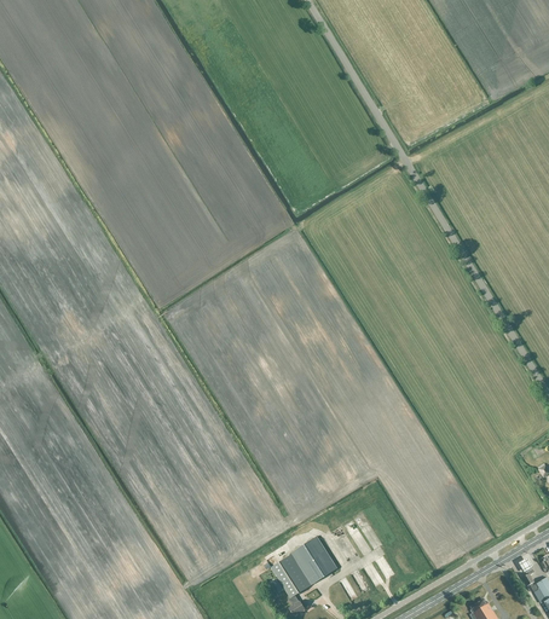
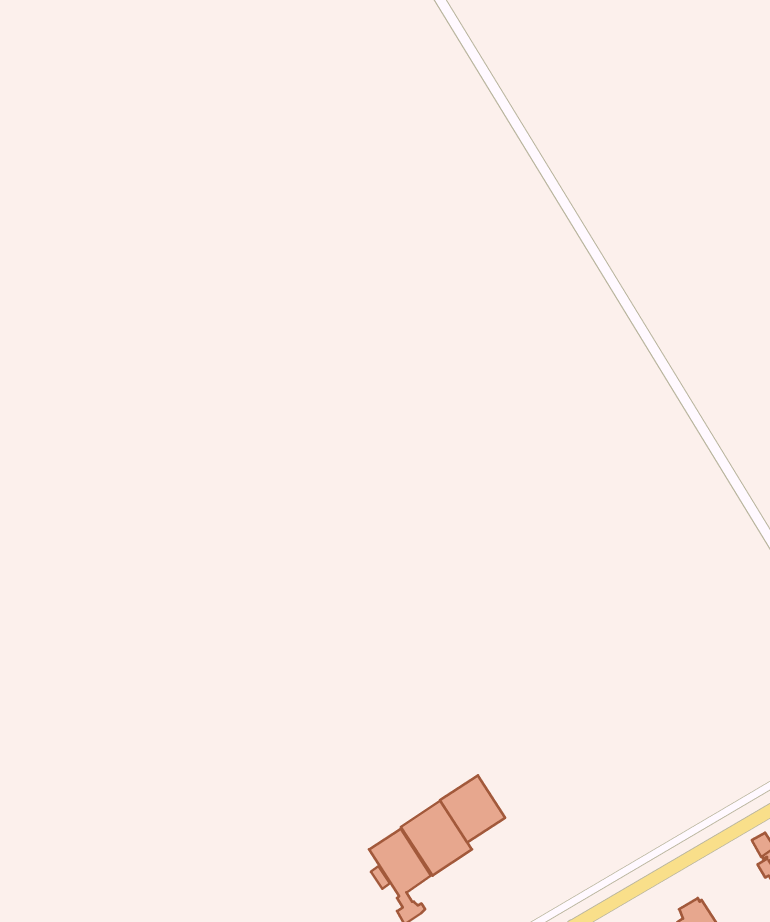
building: none -> [440,775,505,843]

